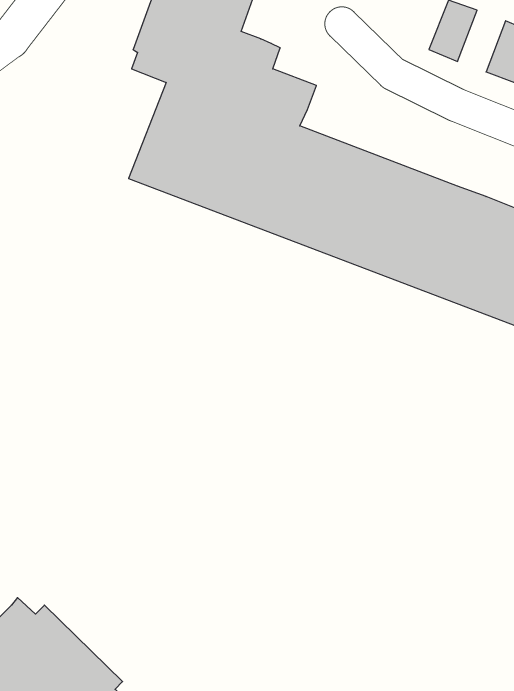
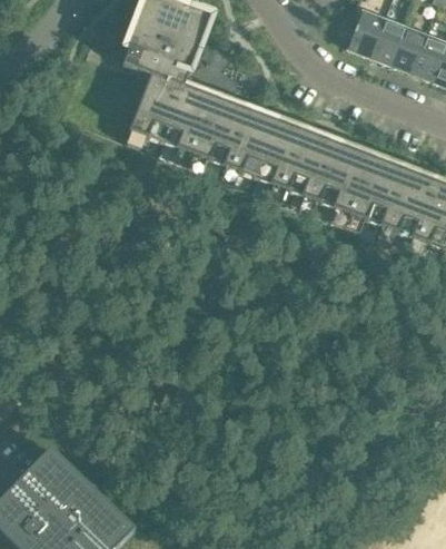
building: none -> [368,19,404,65]

